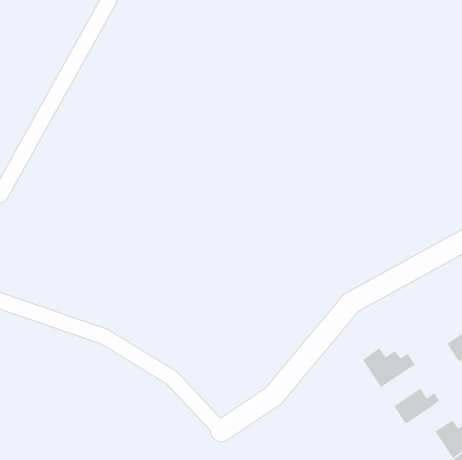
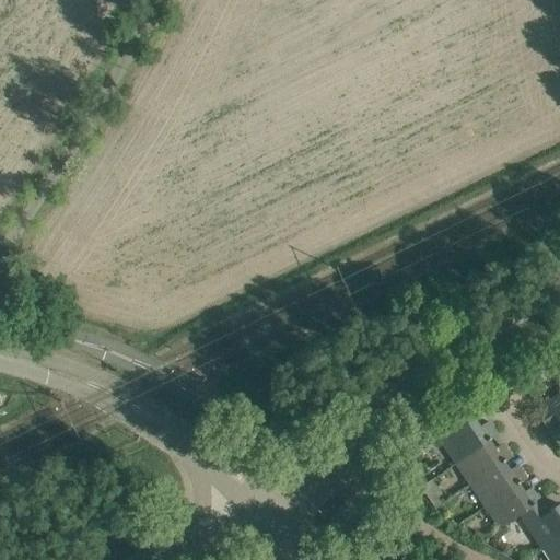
building: none -> [462,451,518,494]
building: none -> [491,494,548,538]

